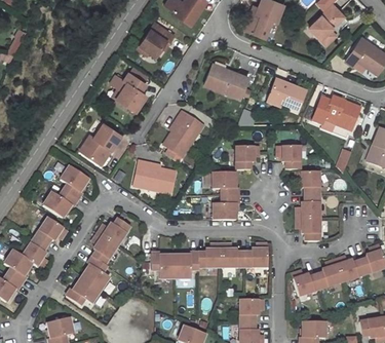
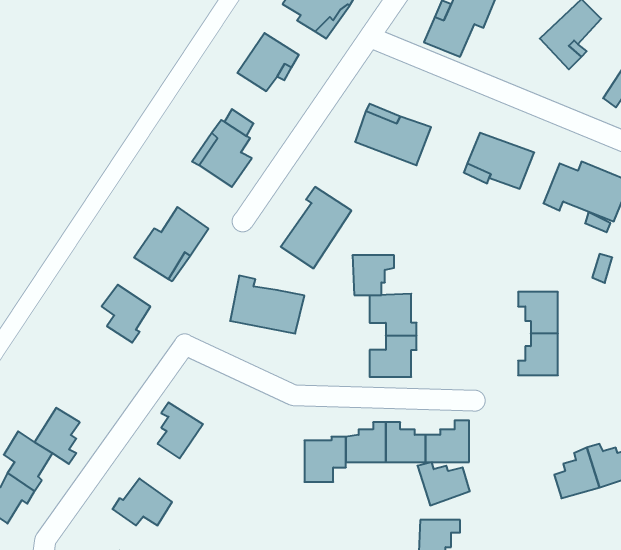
building: [278,146,301,168] -> none
building: [235,147,259,169] -> [352,255,394,295]
building: [43,190,78,219] -> none
building: [35,218,68,244] -> none
building: [99,218,131,245] -> none
building: [297,218,320,241] -> none
building: [152,253,176,278] -> none
building: [82,257,110,290] -> none
building: [292,271,321,296] -> [417,462,470,505]

